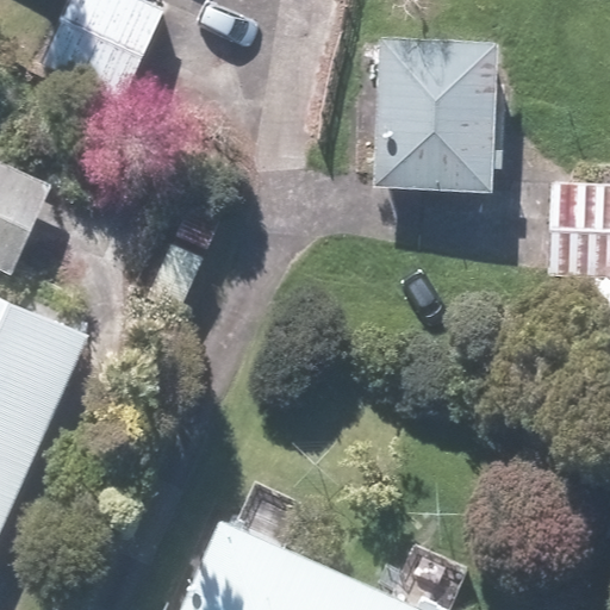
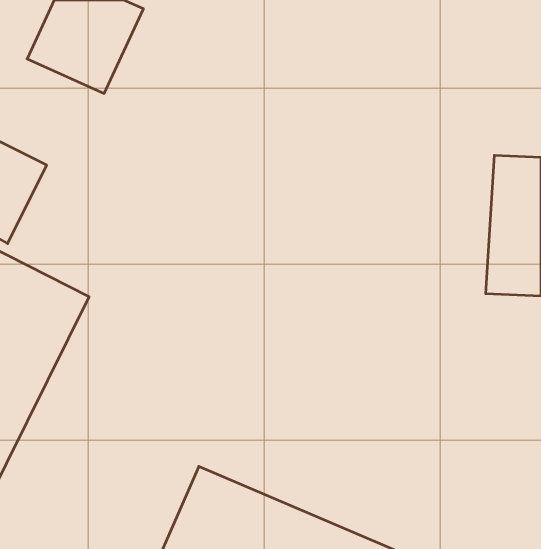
building: [375,39,500,187] -> none

